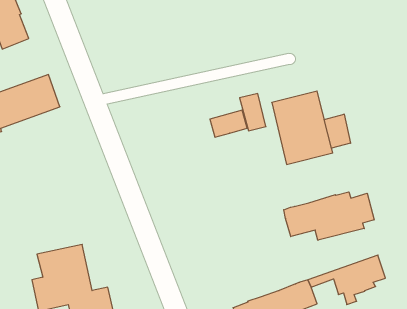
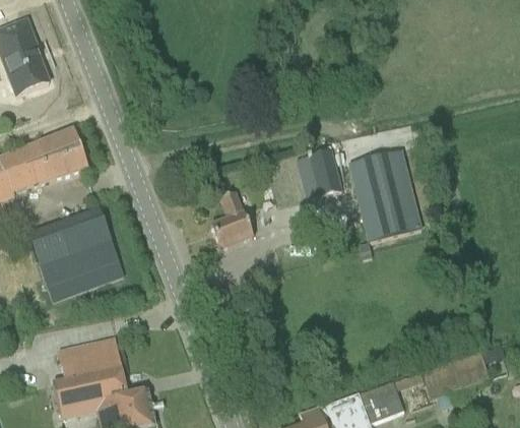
building: [324,114,351,148] -> none
building: none -> [210,191,253,249]
building: none -> [29,207,123,301]
building: [284,192,374,240] -> none

